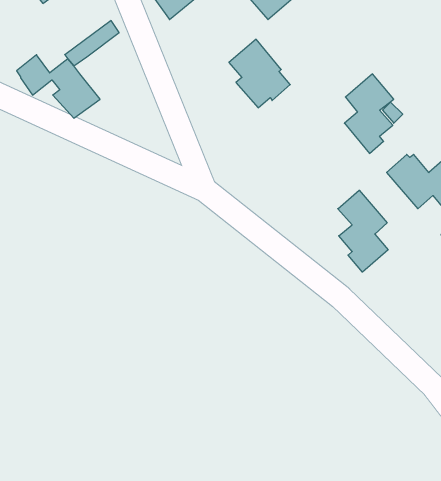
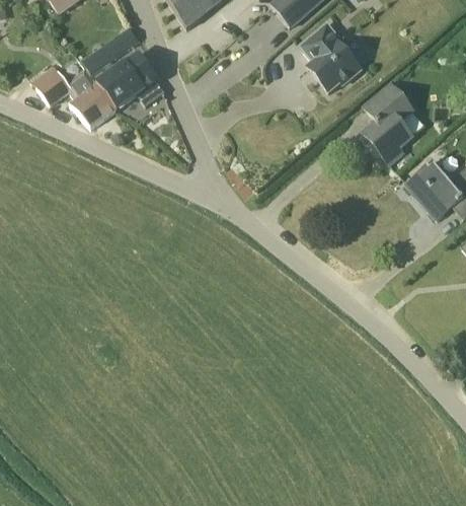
building: [229,39,290,108] -> [300,22,362,91]
building: none -> [97,52,165,109]
building: [338,190,388,272] -> none

